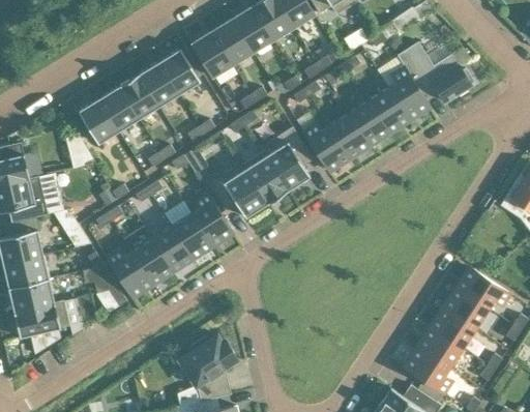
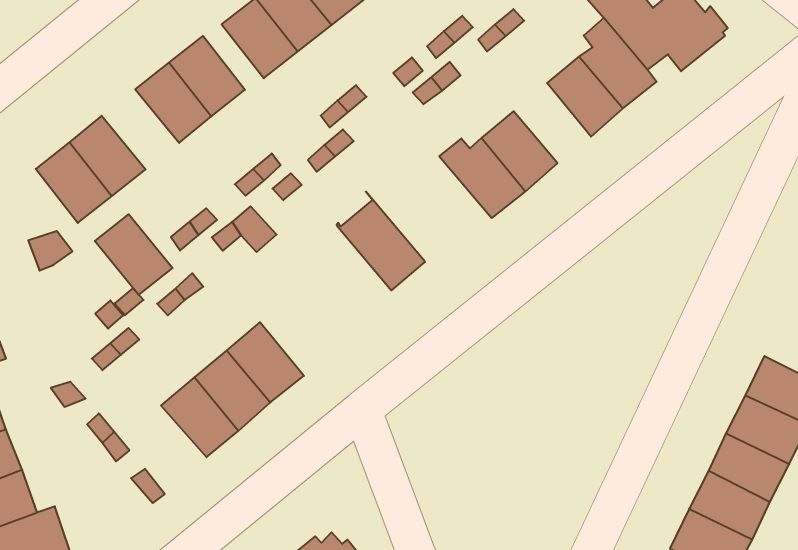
building: [118,75,159,120] -> [95,214,173,295]
building: [348,100,389,146] -> none
building: [260,127,314,192] -> none
building: [208,165,267,218] -> none
building: [192,195,233,246] -> none
building: [107,251,152,298] -> none

